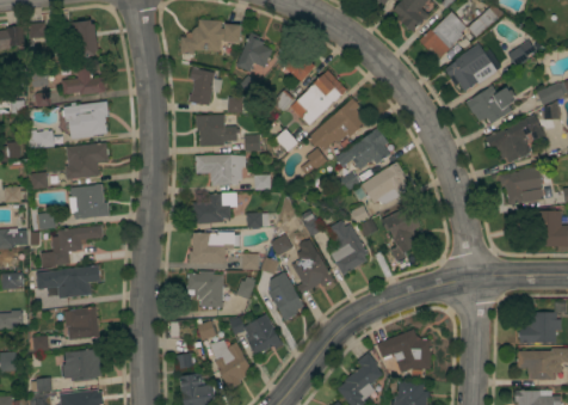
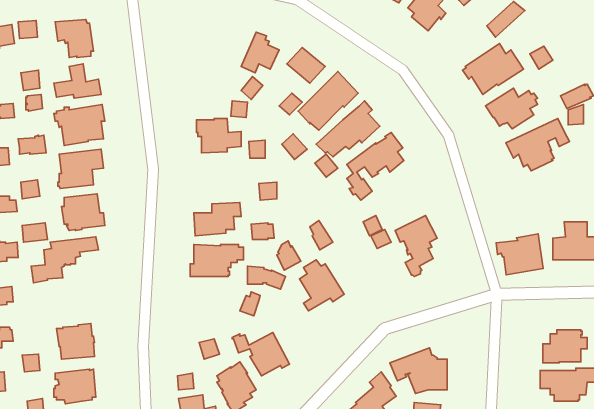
building: [419,12,467,59] -> none
building: [179,20,241,55] -> none
building: [187,68,221,106] -> none
building: [195,155,245,186] -> none
building: [351,162,407,204] -> none
building: [499,167,543,205] -> [496,234,543,275]
building: [328,221,368,275] -> none
building: [35,265,99,299] -> none
building: [187,271,228,308] -> none
building: [267,281,303,321] -> none

